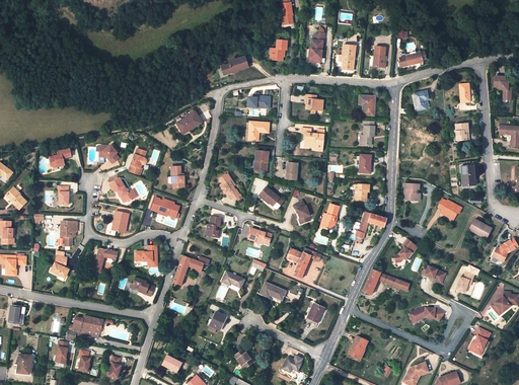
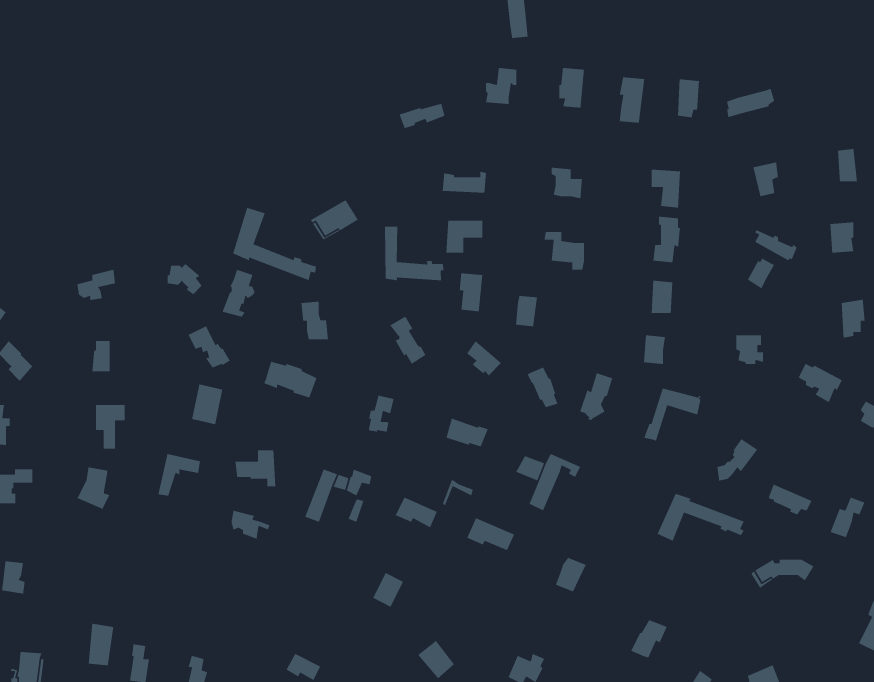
building: none -> [232,207,317,281]
building: none -> [384,226,445,281]
building: [66,315,103,340] -> none

